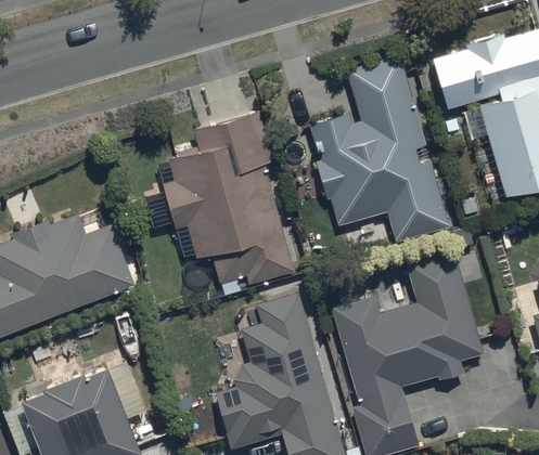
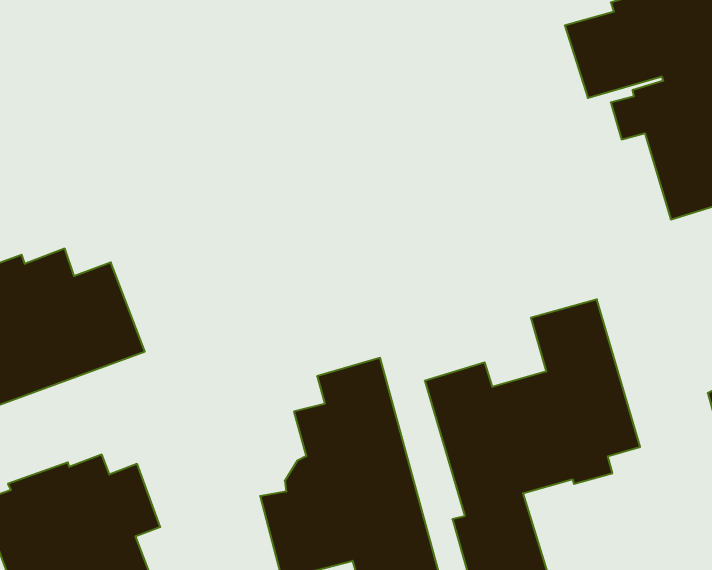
building: [308,55,449,243] -> none
building: [162,110,294,287] -> none

